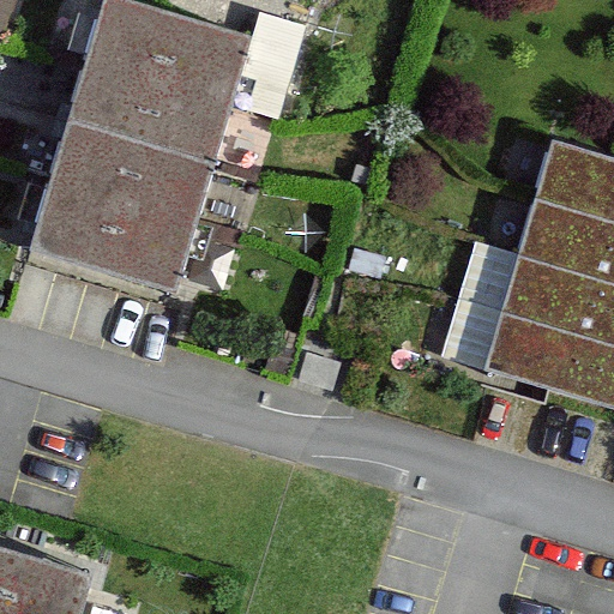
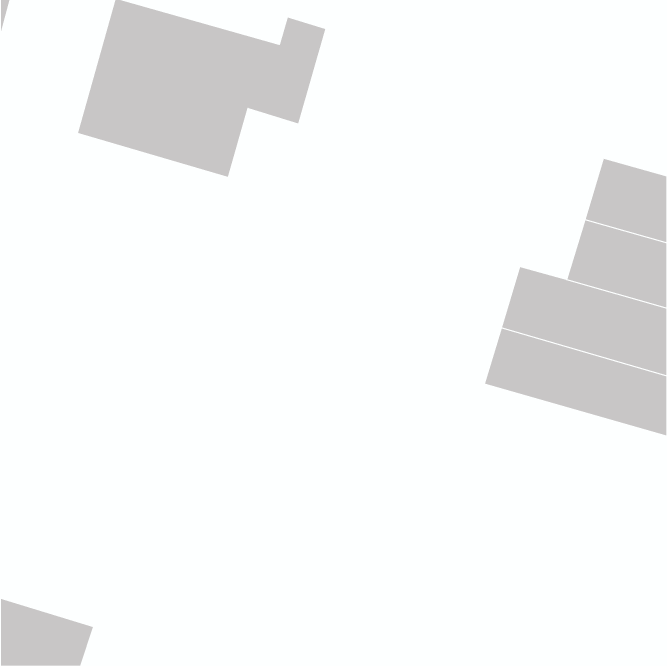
building: [34,122,210,288] -> none

